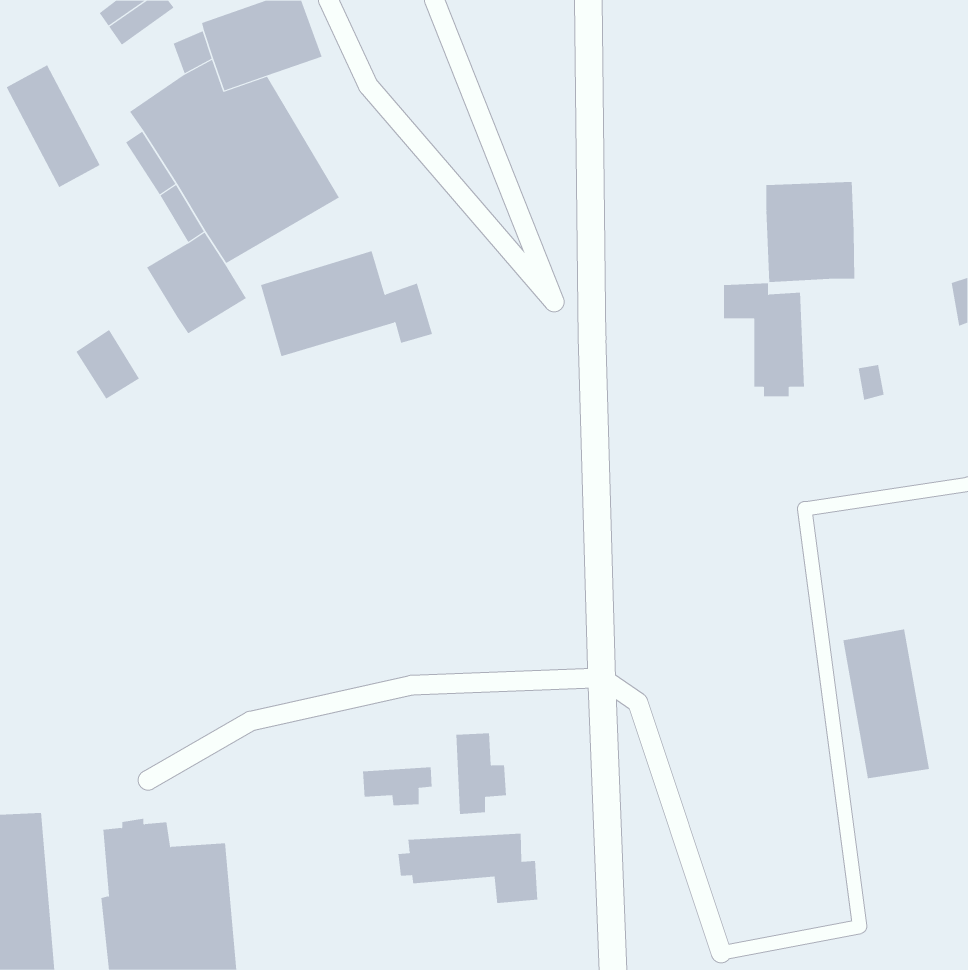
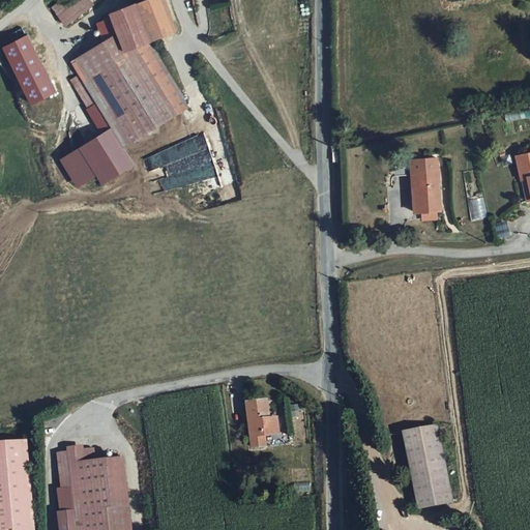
building: [766,181,855,283] -> none
building: [75,329,140,399] -> [61,146,96,184]
building: [842,629,930,779] -> [409,423,457,505]
building: [363,766,432,806] -> none
building: [398,833,538,904] -> none

